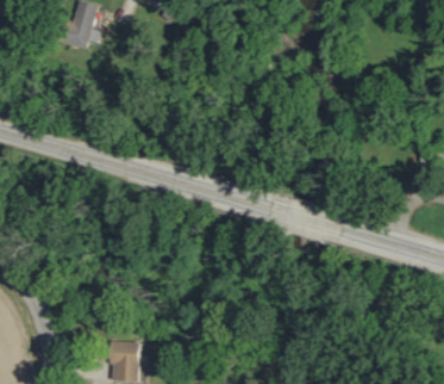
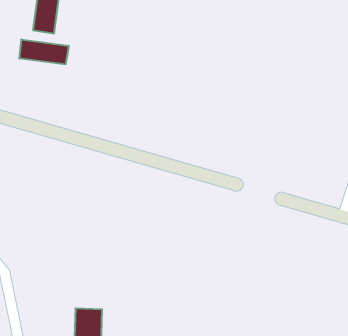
building: none -> [19,39,69,64]

